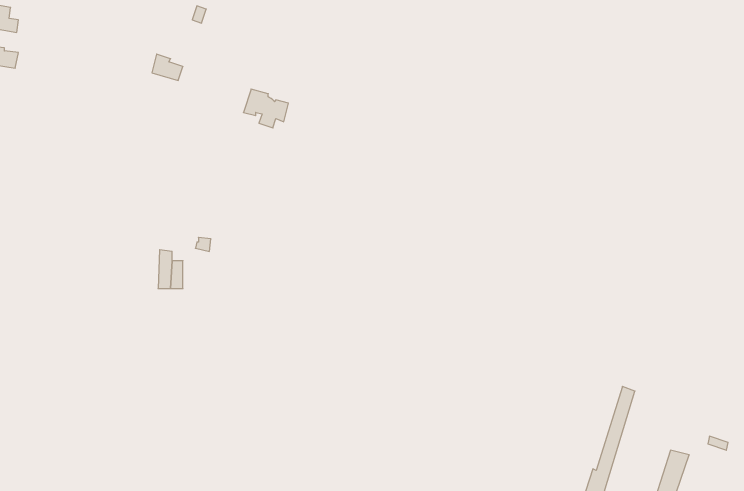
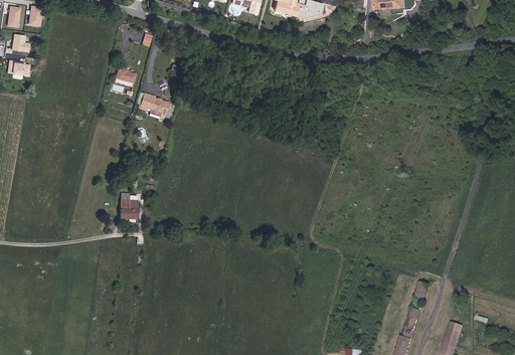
building: [243,89,288,128] -> [139,93,168,118]

